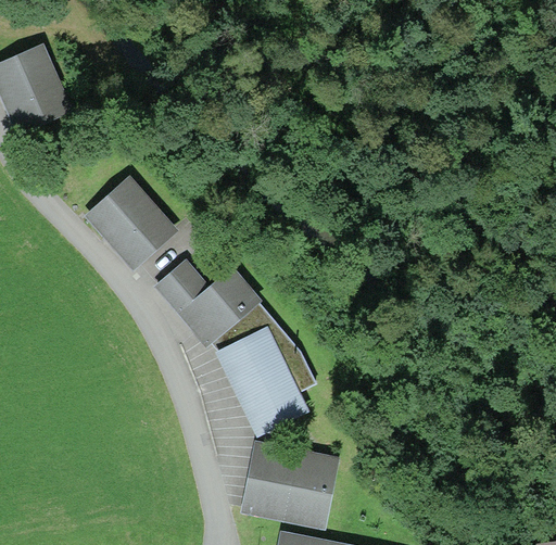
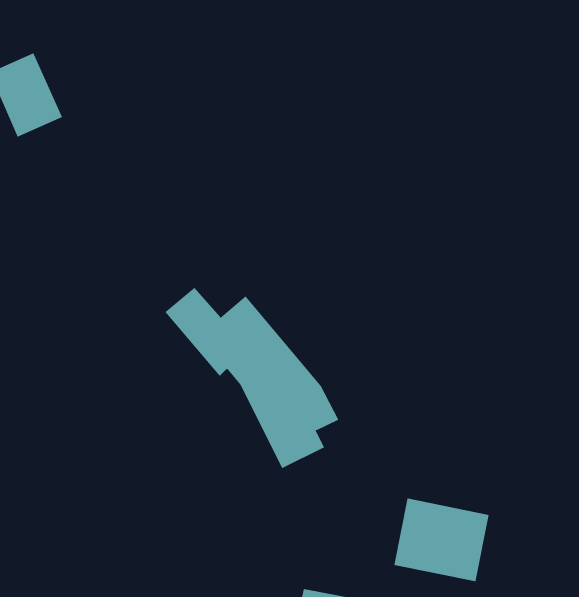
building: [91,183,167,261] -> none
building: [244,447,331,523] -> [394,498,489,582]

